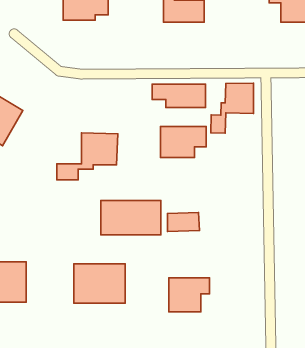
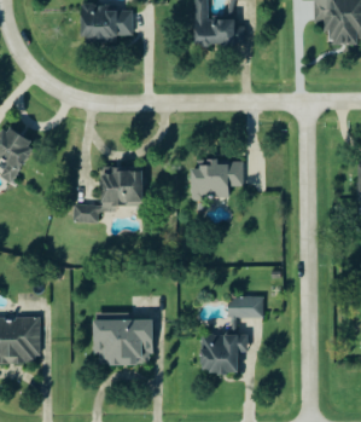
building: [211,83,254,133] -> none
building: [152,84,206,108] -> none
building: [101,200,161,235] -> none
building: [168,212,200,232] -> [229,295,266,317]

